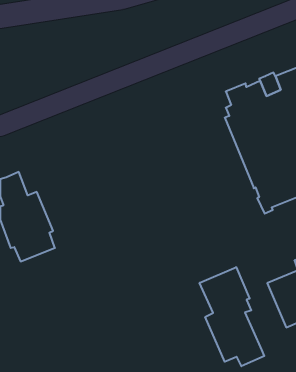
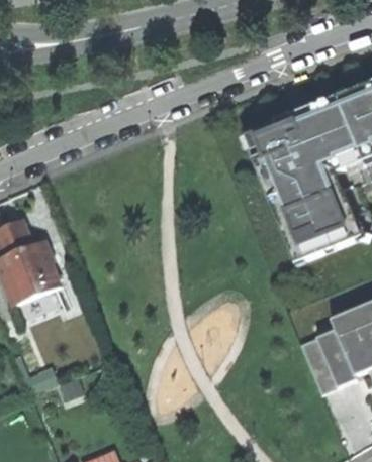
building: [200,267,264,366] -> none

